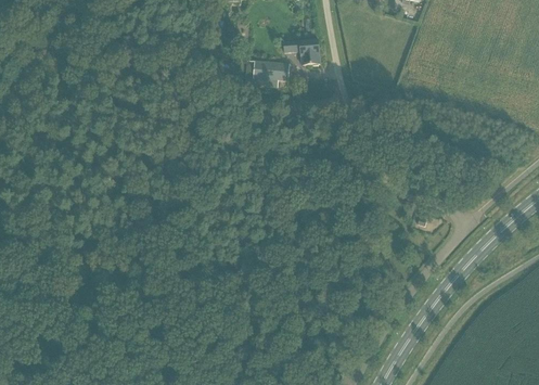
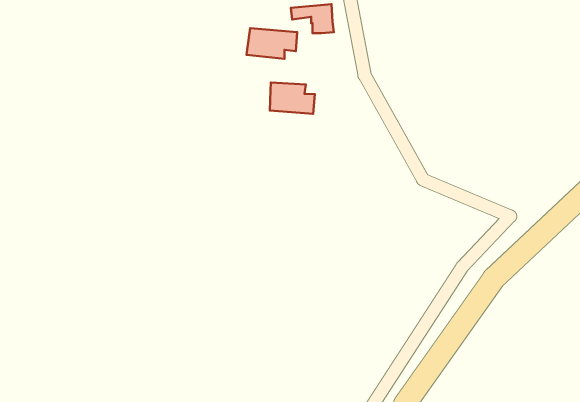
building: none -> [270,83,315,114]

